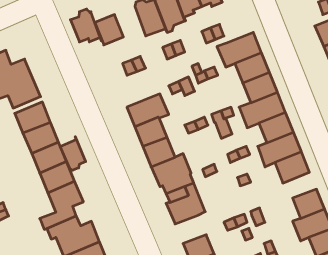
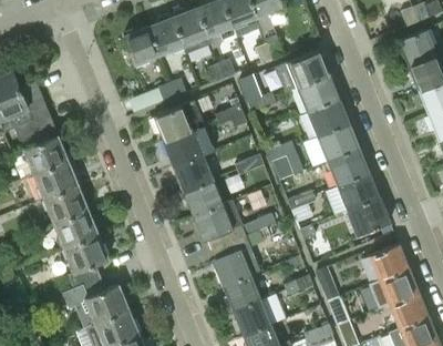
building: [70,9,102,42] -> [147,13,186,54]
building: none -> [153,100,204,142]
building: [60,137,86,170] -> none
building: none -> [223,276,261,312]

